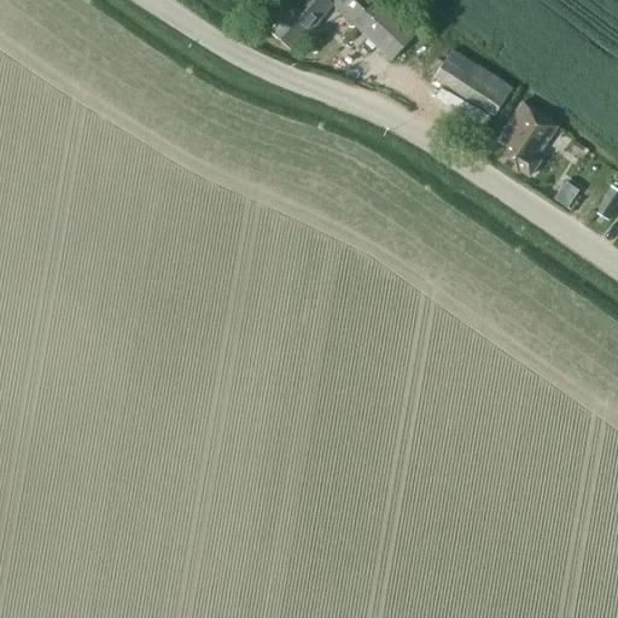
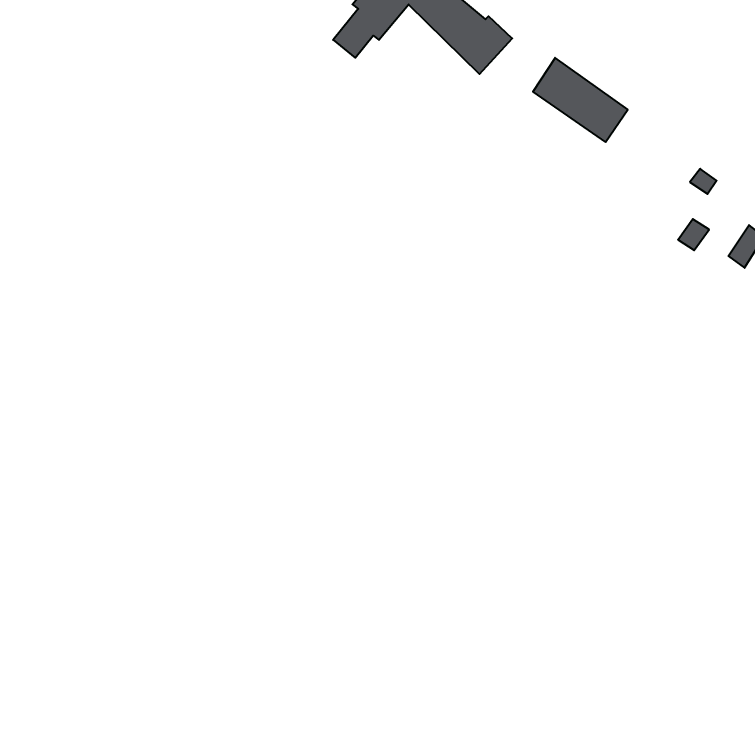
building: [497,101,559,175] -> none

